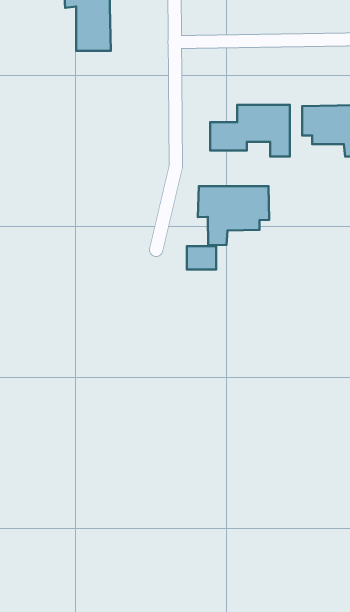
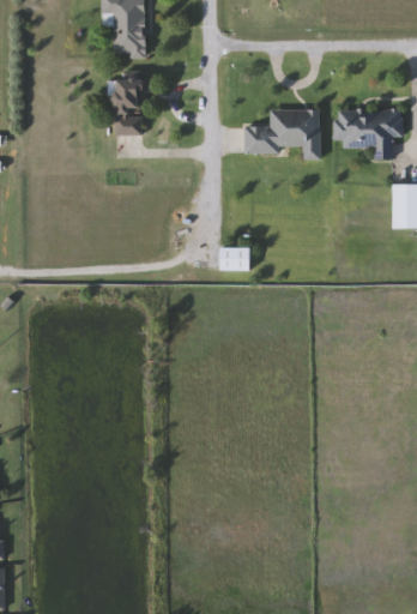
building: none -> [114,80,141,136]
building: [198,186,269,245] -> none

